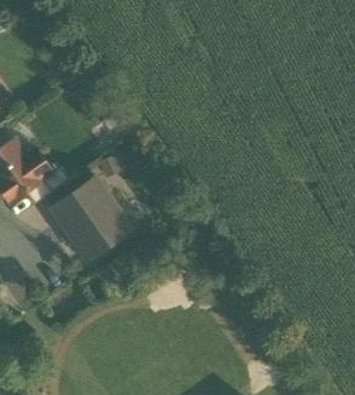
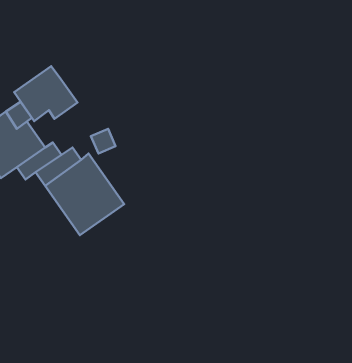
building: none -> [14,66,78,121]

